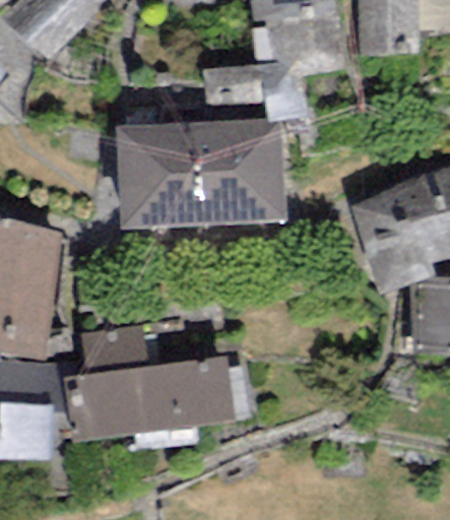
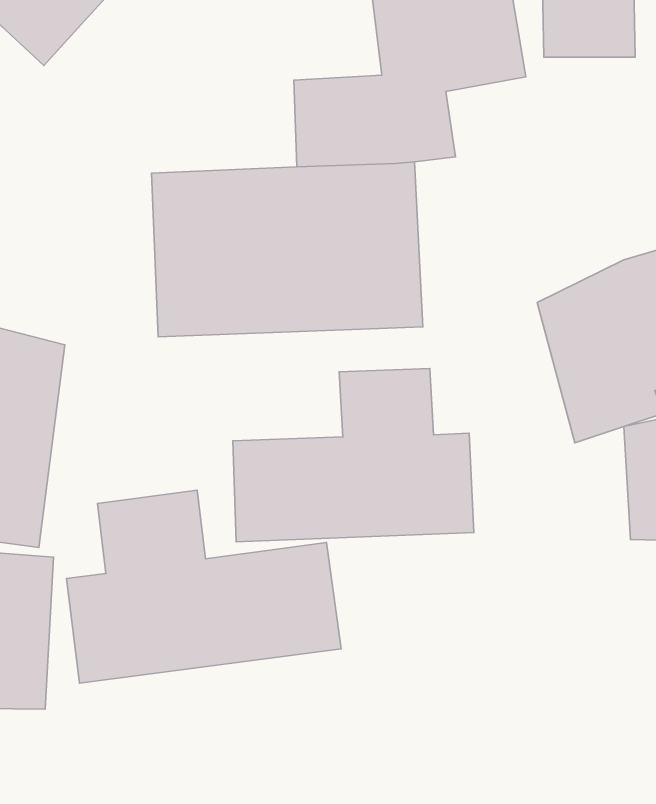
building: none -> [233,368,474,542]

